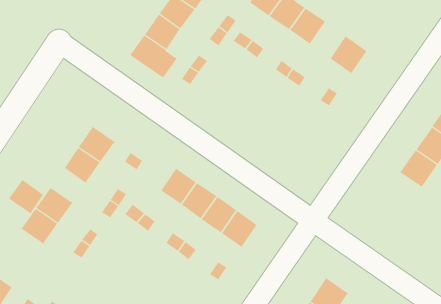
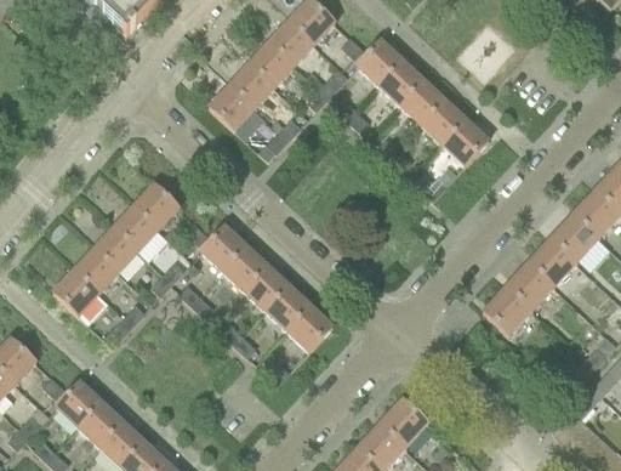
building: none -> [422,100,465,143]
building: none -> [200,225,245,271]
building: none -> [482,286,530,336]
building: [8,179,44,214] -> [95,228,137,271]

